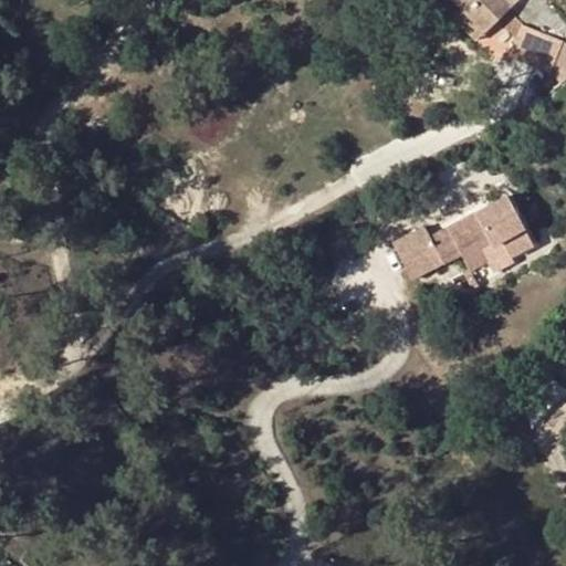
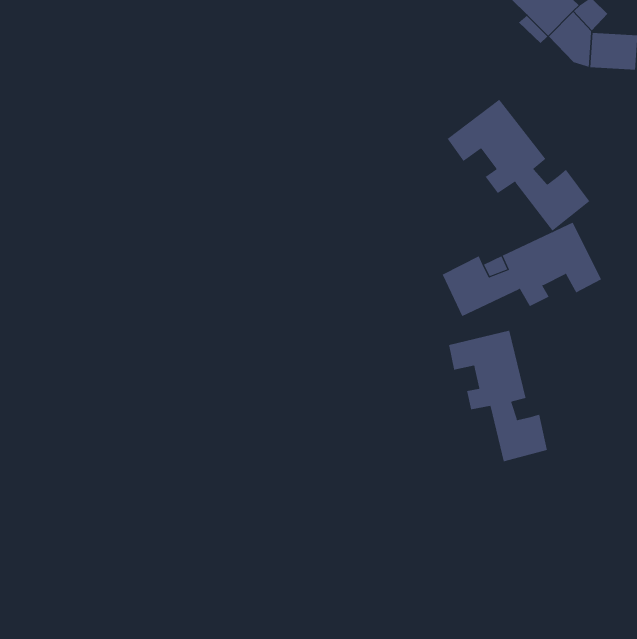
building: none -> [447,99,590,232]
building: none -> [449,330,548,462]

